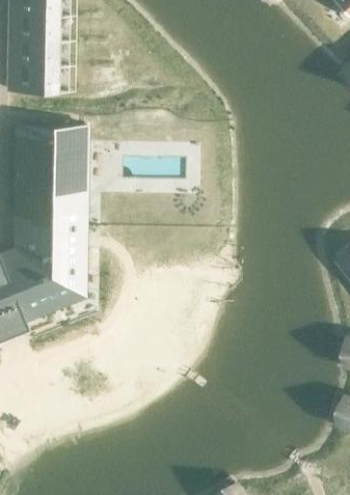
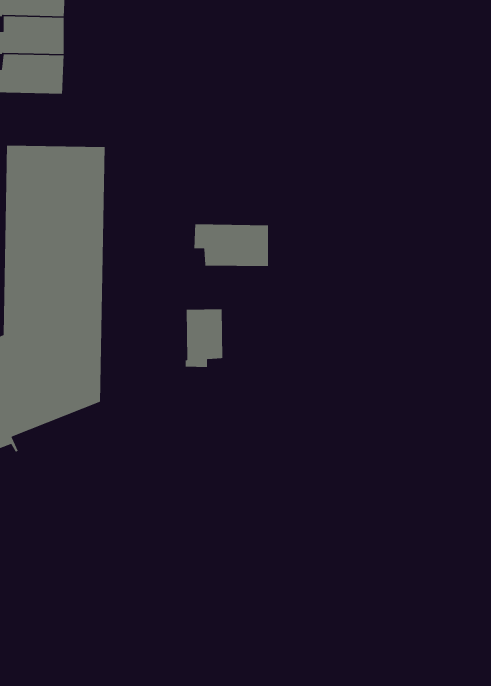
building: none -> [194,224,269,267]
building: none -> [185,308,223,368]

